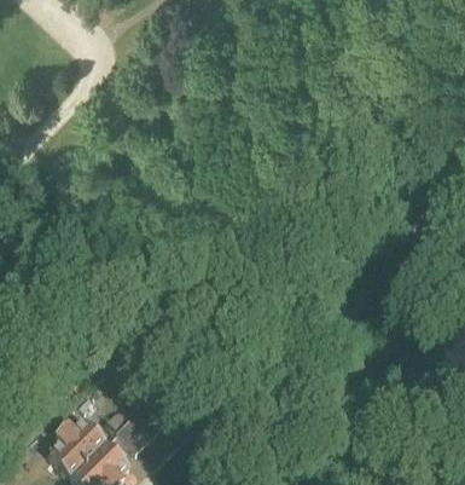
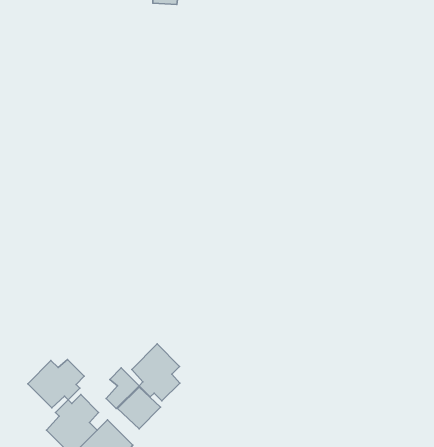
building: none -> [132,344,180,401]
building: none -> [28,360,84,408]

